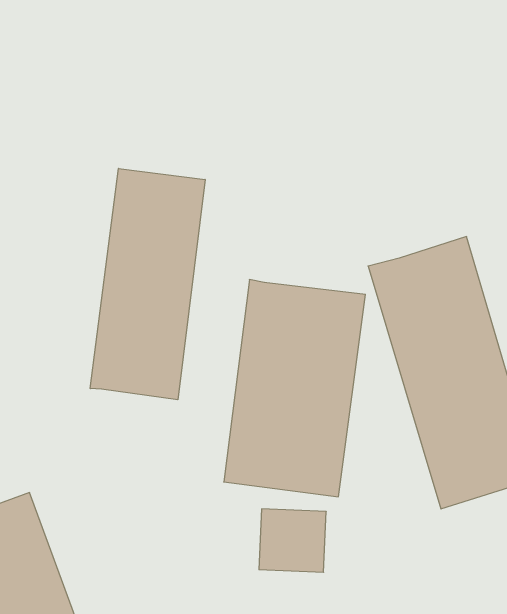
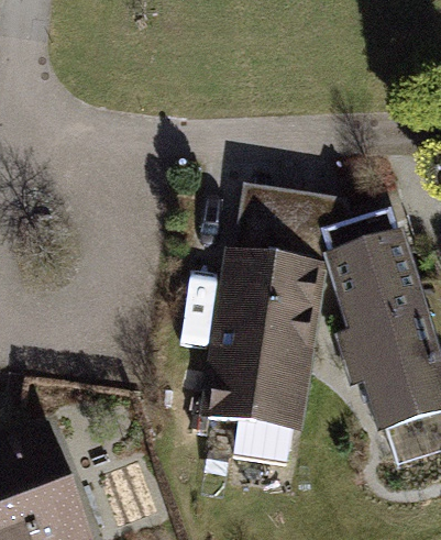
building: [90,168,205,400] -> none
building: none -> [239,195,349,266]

